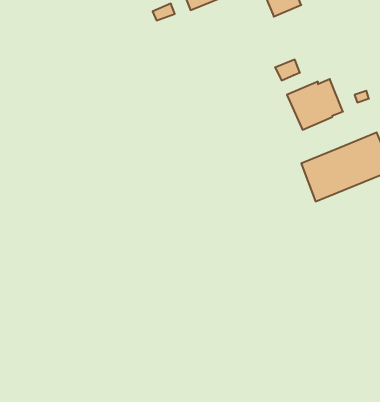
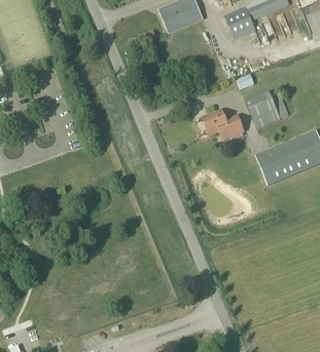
building: none -> [202,109,243,139]

